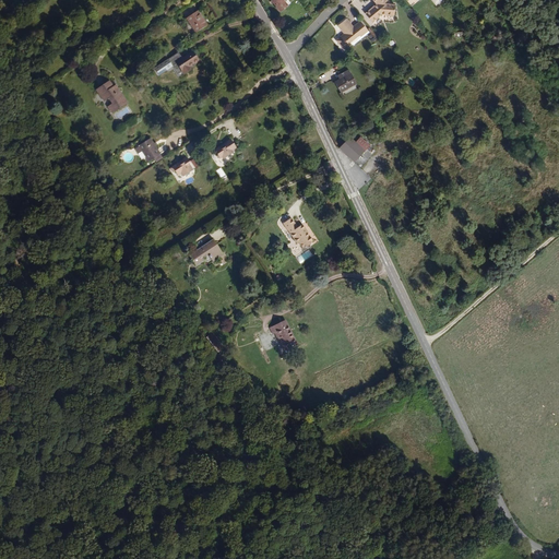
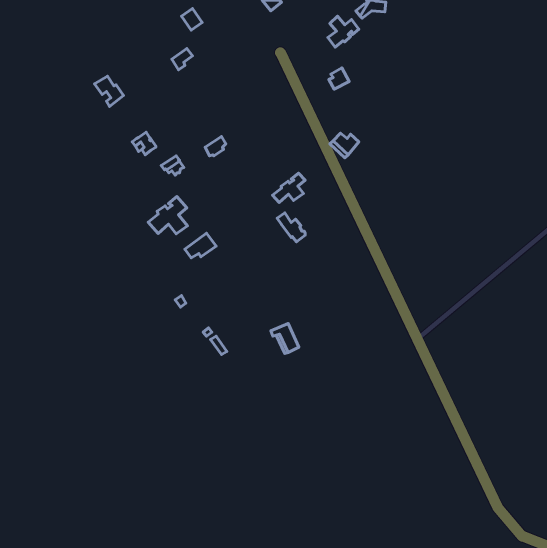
building: none -> [273,173,305,202]
building: none -> [148,197,187,234]

